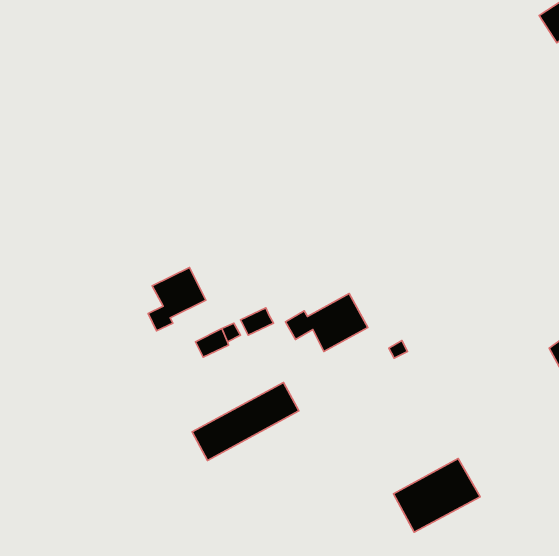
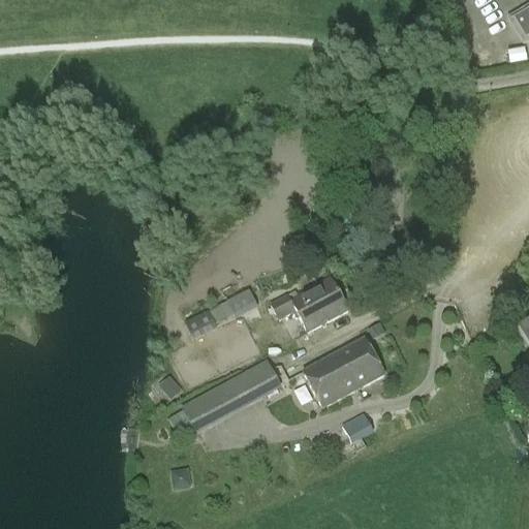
building: [148,267,206,331] -> none
building: none -> [343,412,375,442]
building: [393,459,480,532] -> [303,337,384,406]

